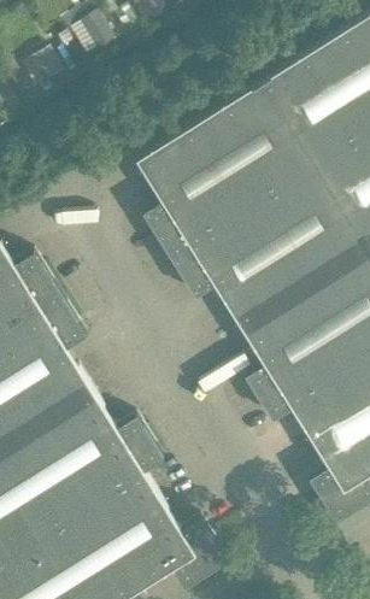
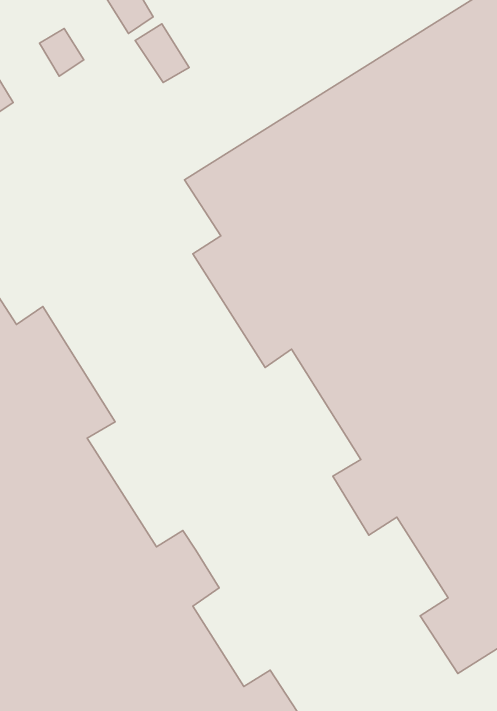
building: none -> [135,24,189,82]

